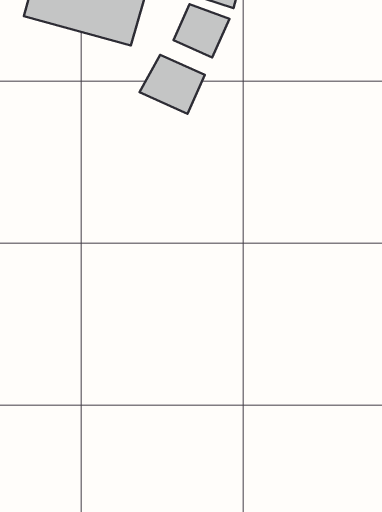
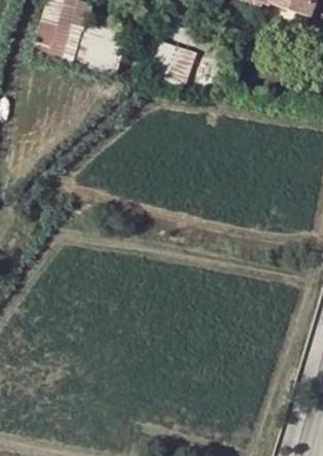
building: [139,55,205,114] -> none

